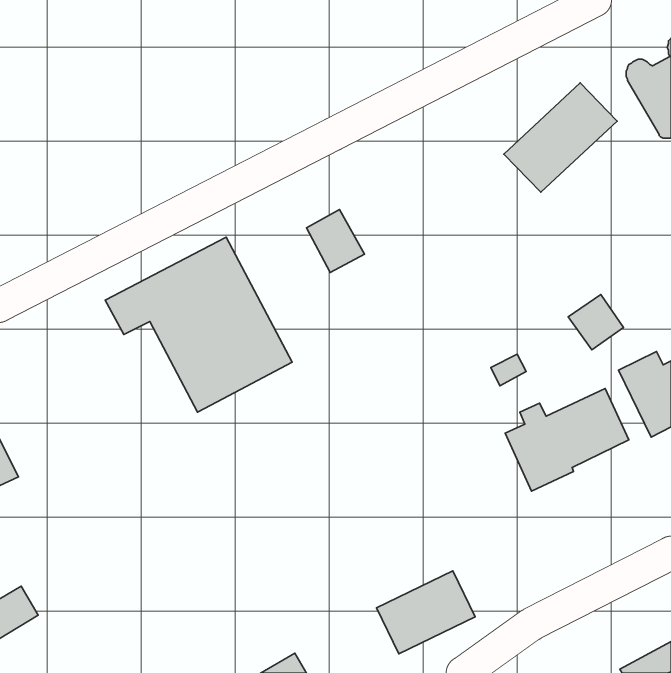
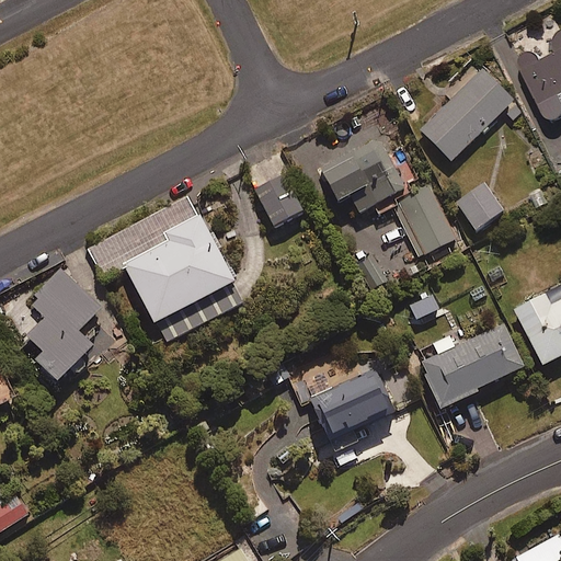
building: none -> [320,126,457,257]
building: [568,295,623,350] -> [456,183,502,229]
building: none -> [26,270,99,381]
building: [377,571,475,654] -> [309,369,391,438]

